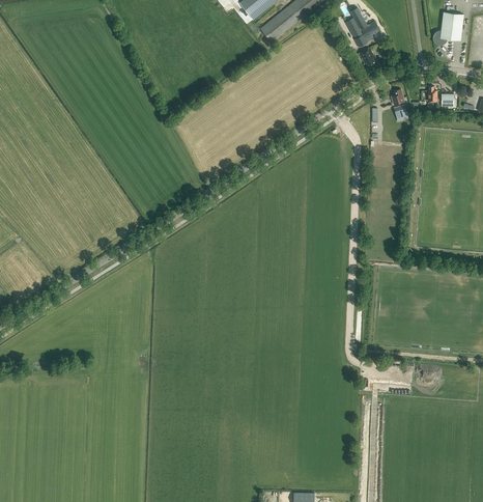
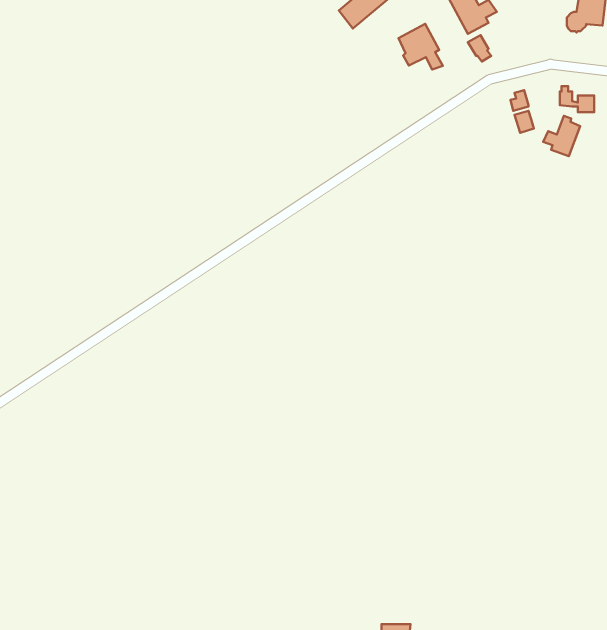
building: none -> [398,24,443,69]
building: none -> [543,116,580,156]

